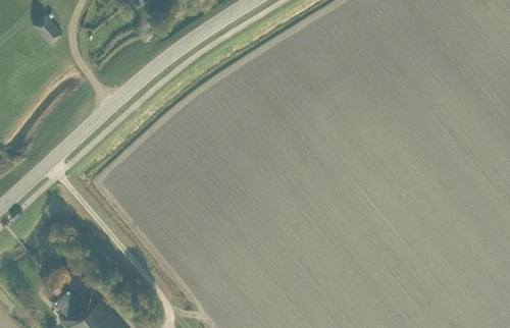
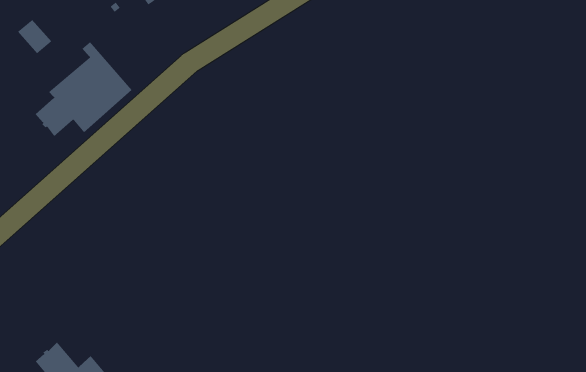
building: none -> [35,41,133,137]

